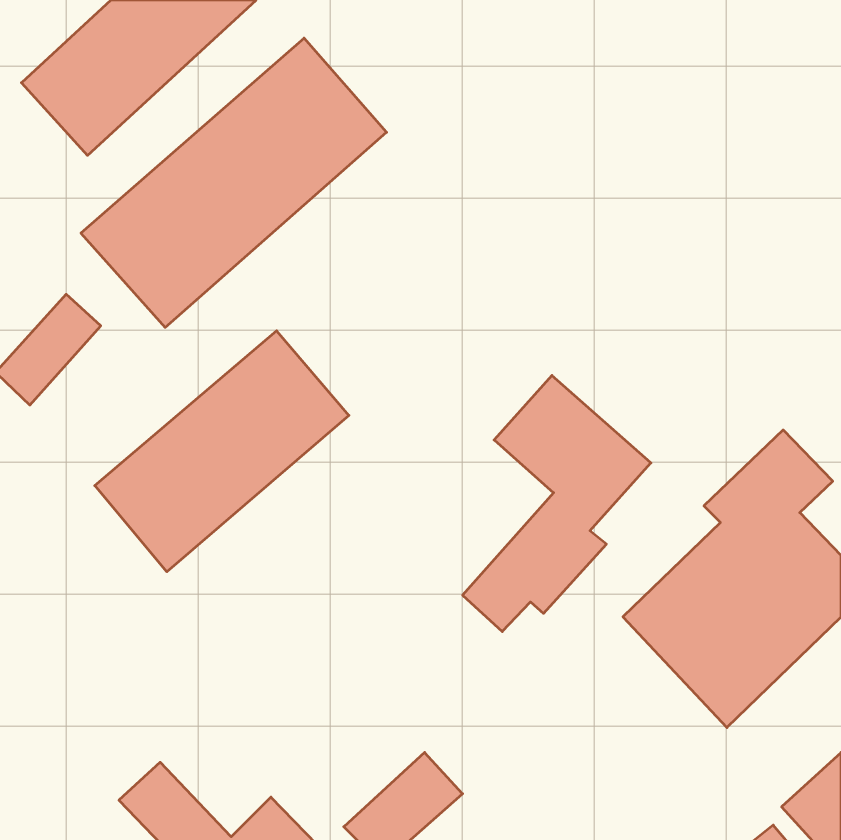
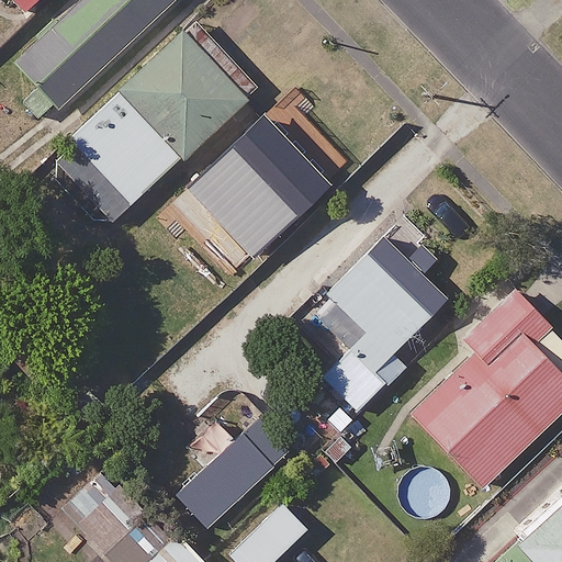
building: none -> [194,124,321,251]
building: [95,331,349,572] -> none
building: none -> [176,418,289,527]

